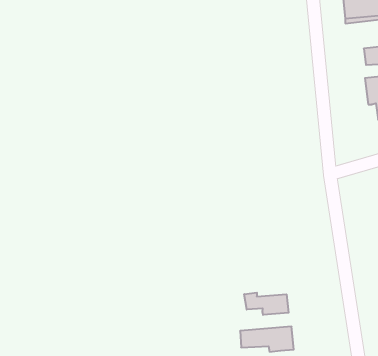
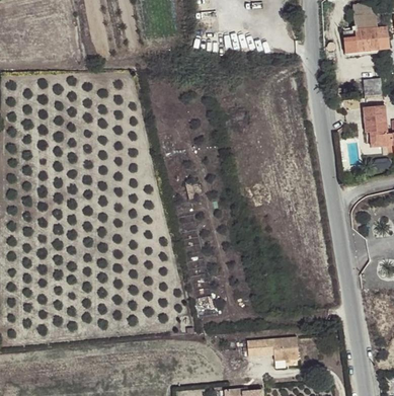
building: [244,293,289,315] -> none

